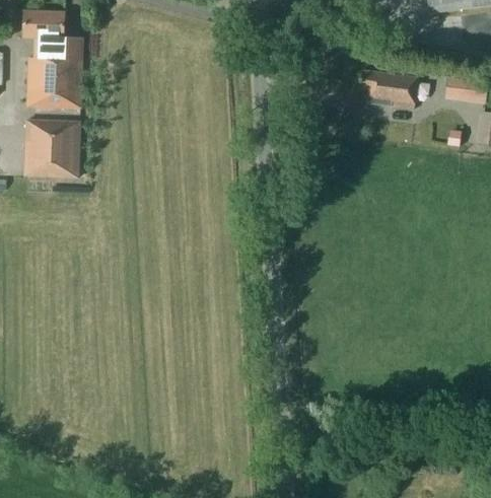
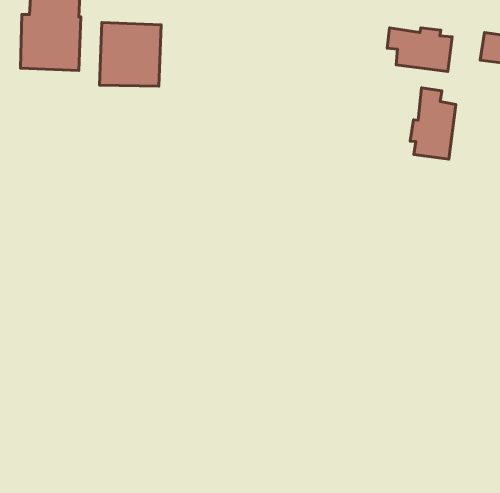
building: [24,118,80,175] -> [100,22,161,86]
building: none -> [410,88,456,159]

